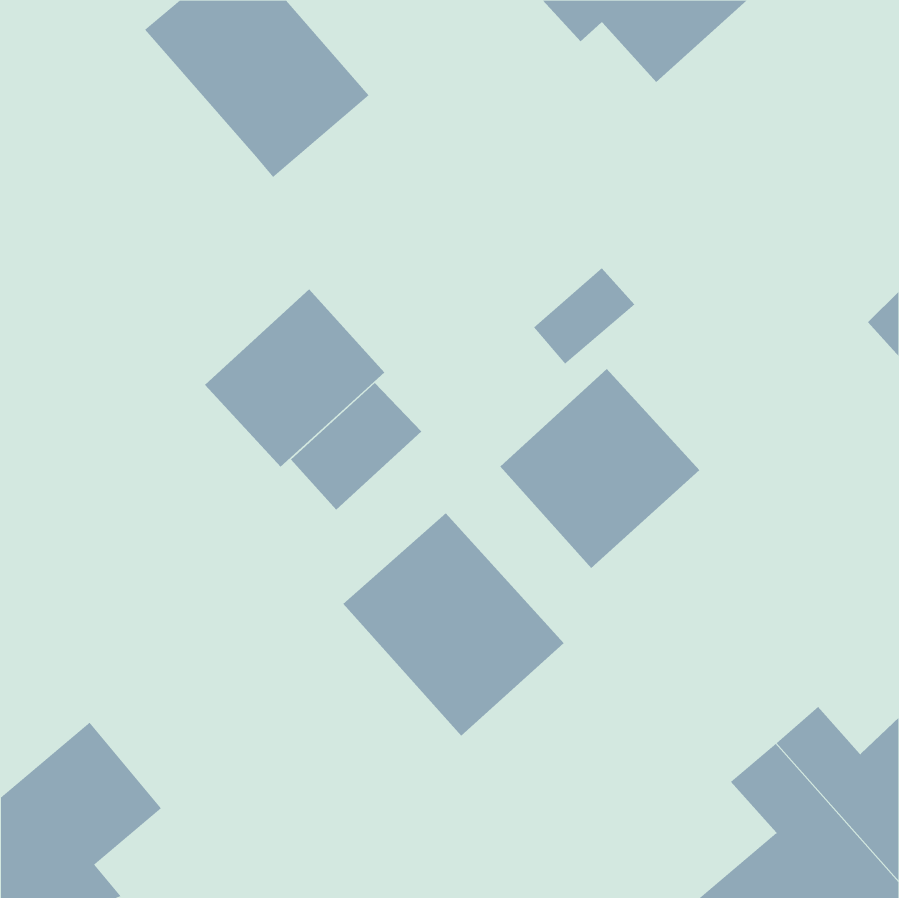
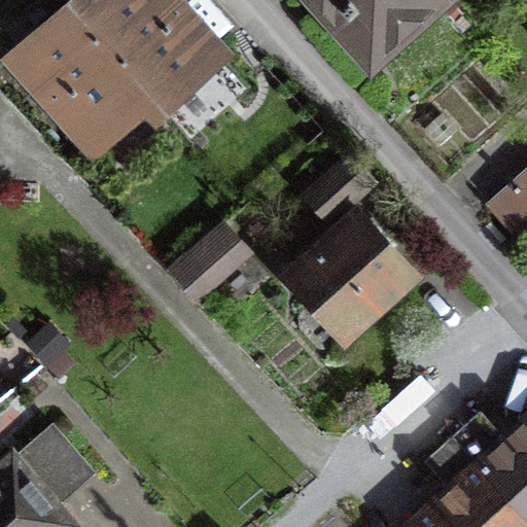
building: none -> [19,8,149,142]
building: [204,288,385,467] -> none
building: [343,513,564,736] -> none

